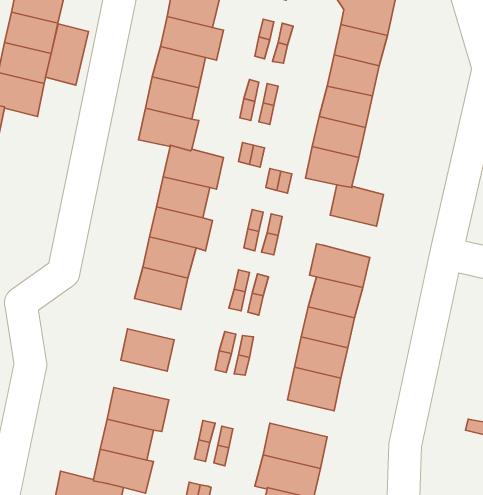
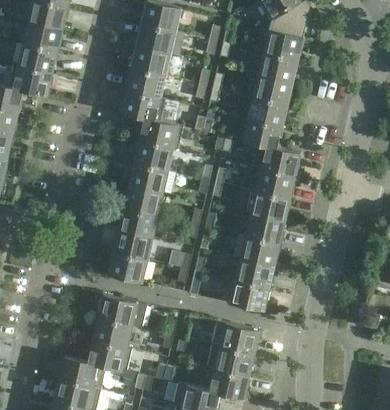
building: [46,24,88,85] -> none
building: none -> [256,168,295,199]
building: none -> [113,229,152,259]

